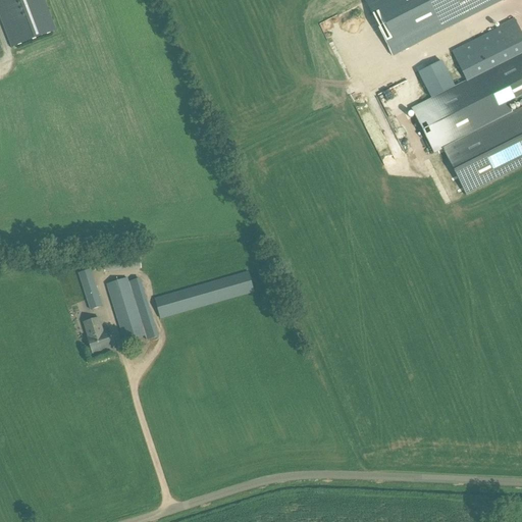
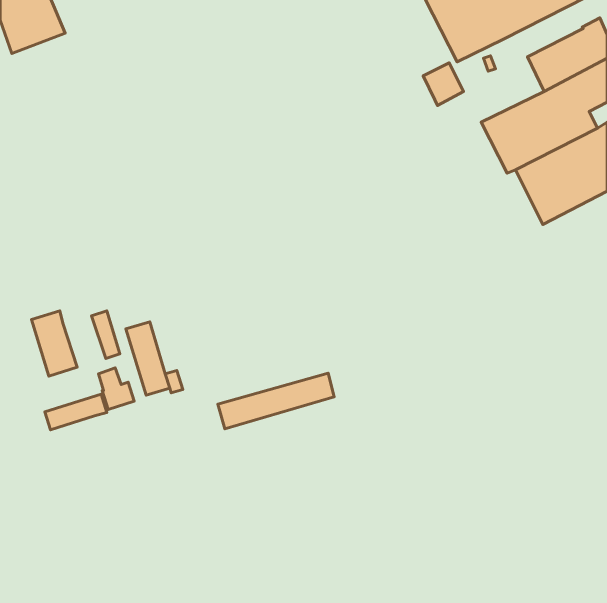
building: [419,59,454,96] -> [423,63,463,106]
building: none -> [32,311,77,376]
building: [155,269,255,317] -> [218,373,334,429]
building: none -> [45,394,107,430]

